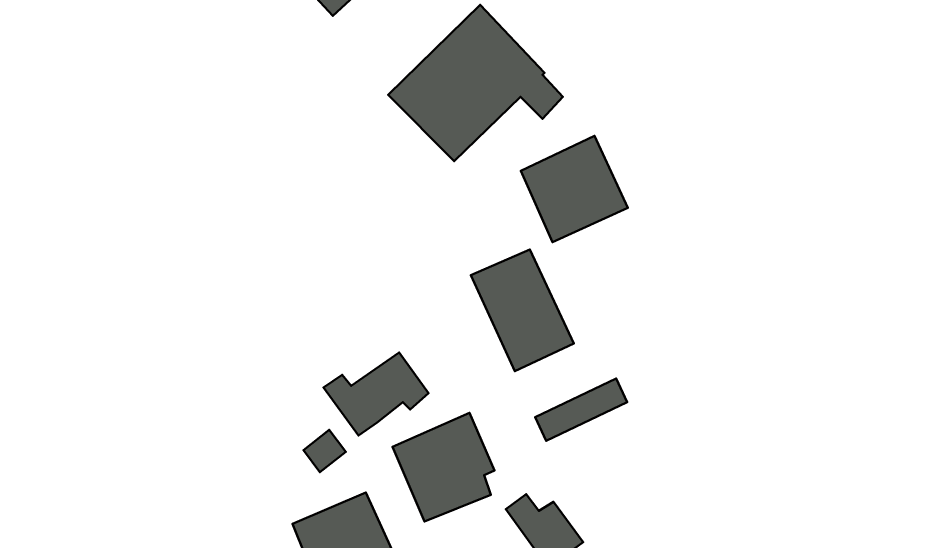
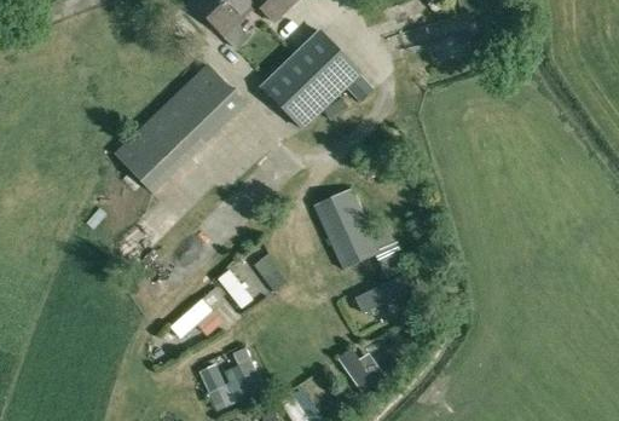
building: none -> [116,64,247,192]
building: [521,136,628,242] -> none
building: [393,413,494,522] -> none

